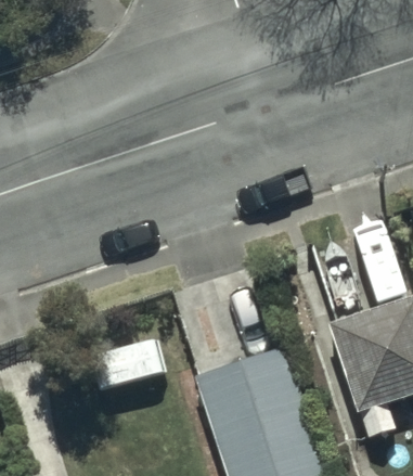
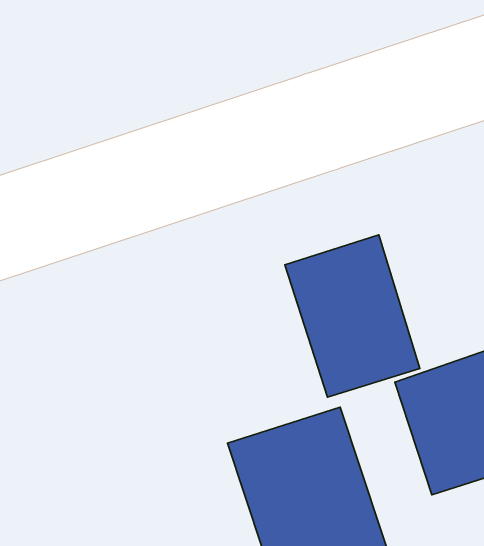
building: none -> [285,235,420,397]

